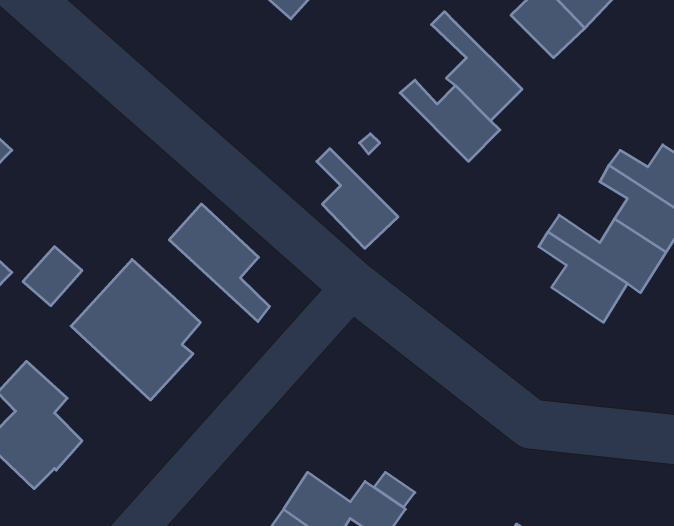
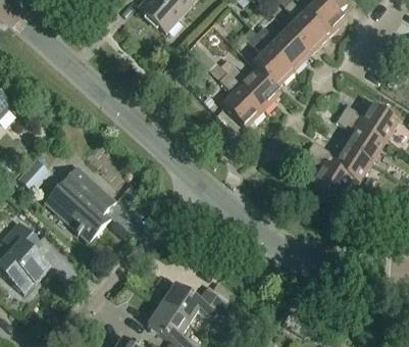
building: none -> [256,28,310,71]
building: [317,149,398,248] -> [218,73,263,129]
building: [169,204,270,322] -> none

